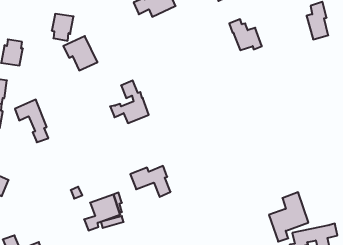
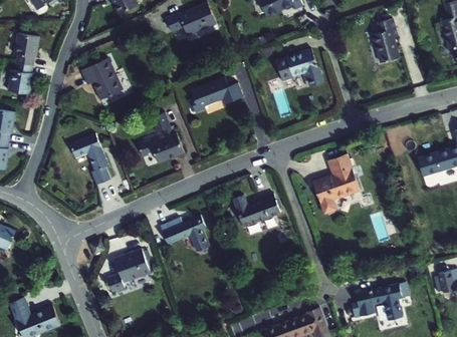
building: [52,14,74,41] -> [13,34,39,66]
building: none -> [190,77,243,113]
building: [15,100,48,142] -> [70,133,110,185]
building: none -> [233,195,280,227]
building: [269,192,308,242] -> [312,154,360,214]

